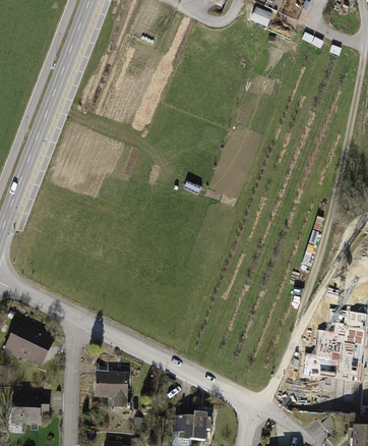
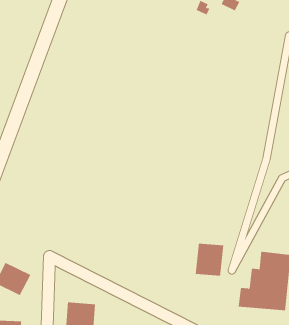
building: none -> [195,243,224,277]

